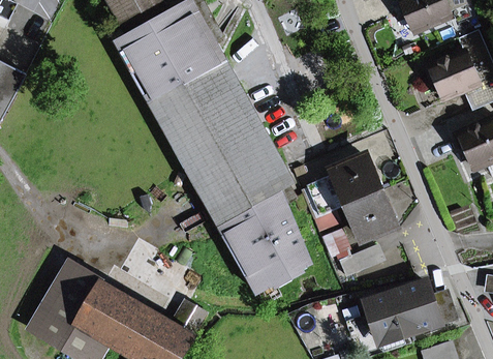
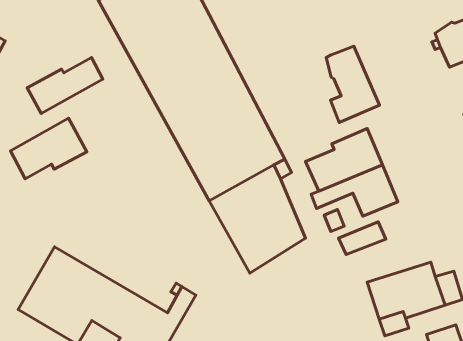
building: none -> [326,46,380,122]
building: none -> [27,58,103,114]
building: none -> [10,118,87,179]

